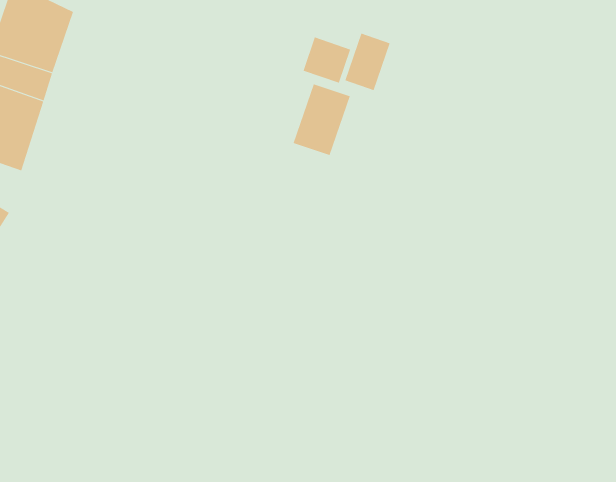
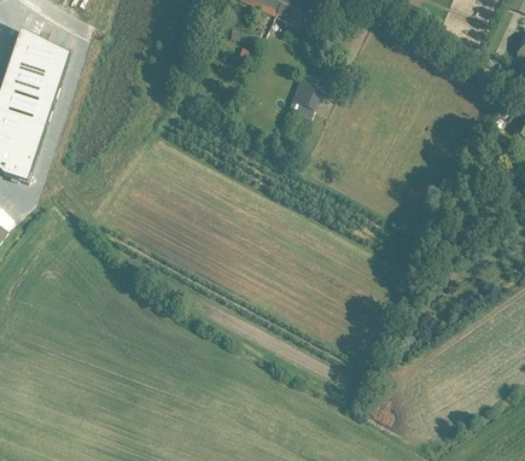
building: [303,37,351,84] -> none
building: [293,83,350,156] -> none

